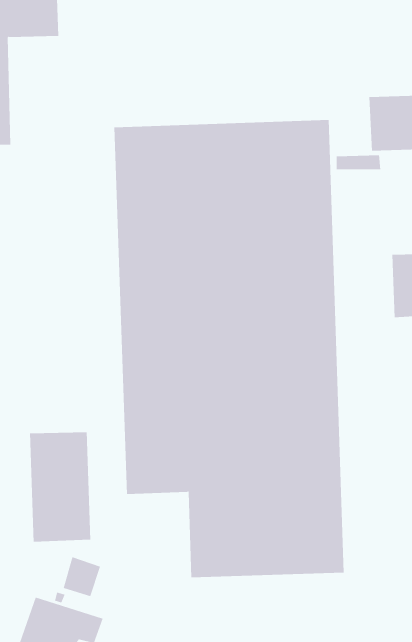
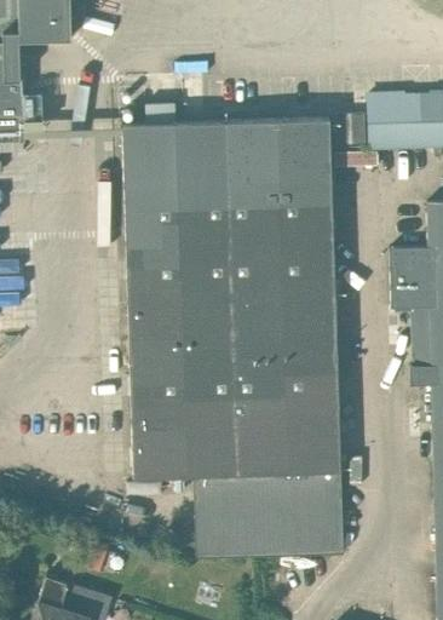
building: [29,432,91,542] -> none

